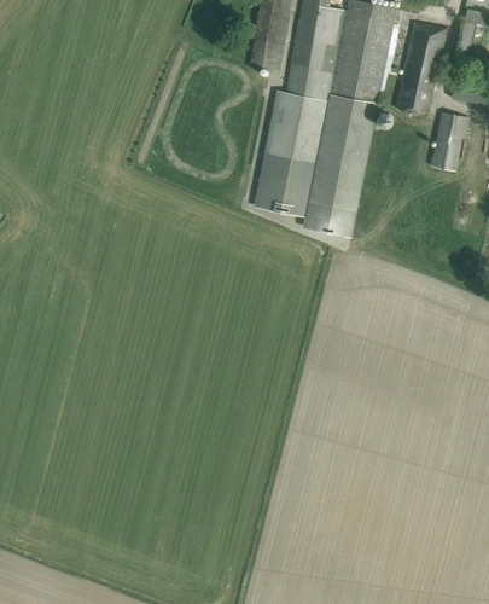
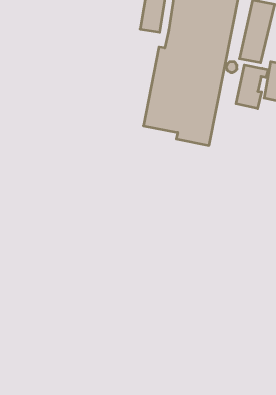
building: none -> [236,65,268,109]

